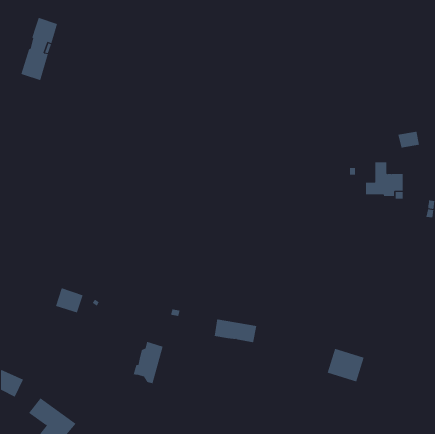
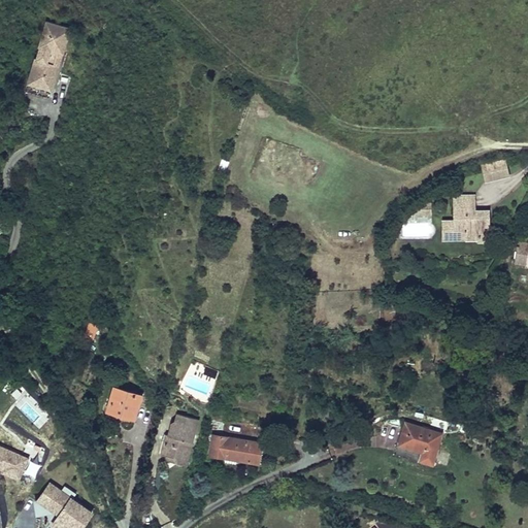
building: [55,288,83,313] -> [107,388,141,419]
building: [214,319,257,343] -> [209,435,262,464]

